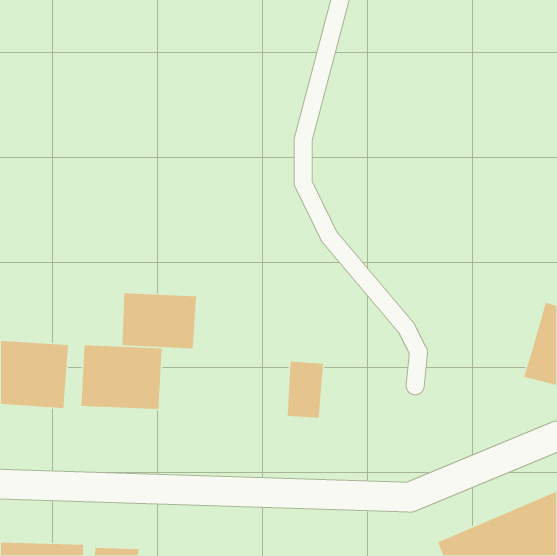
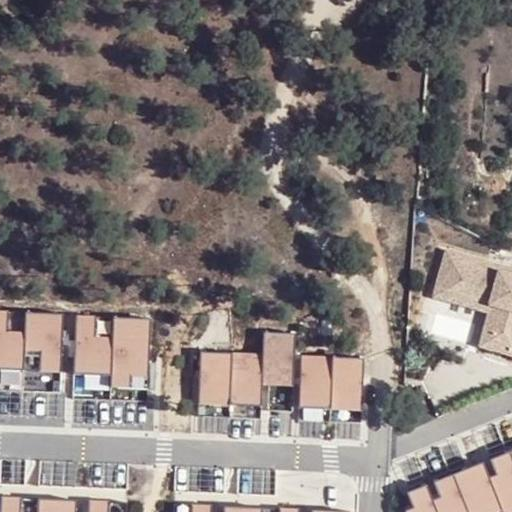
building: none -> [432,254,502,320]
building: [121,292,197,349] -> [194,353,263,405]
building: none -> [299,356,363,410]

